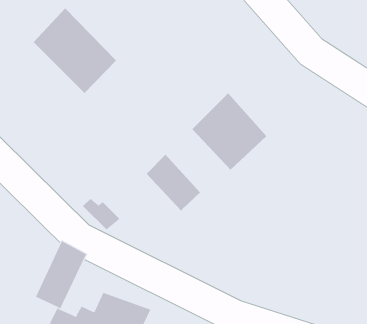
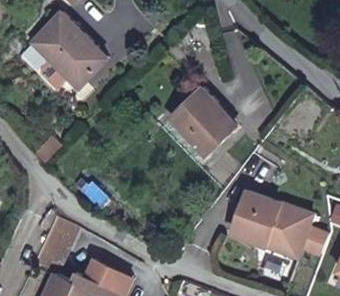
building: [146,154,201,211] -> none
building: none -> [231,191,310,252]

